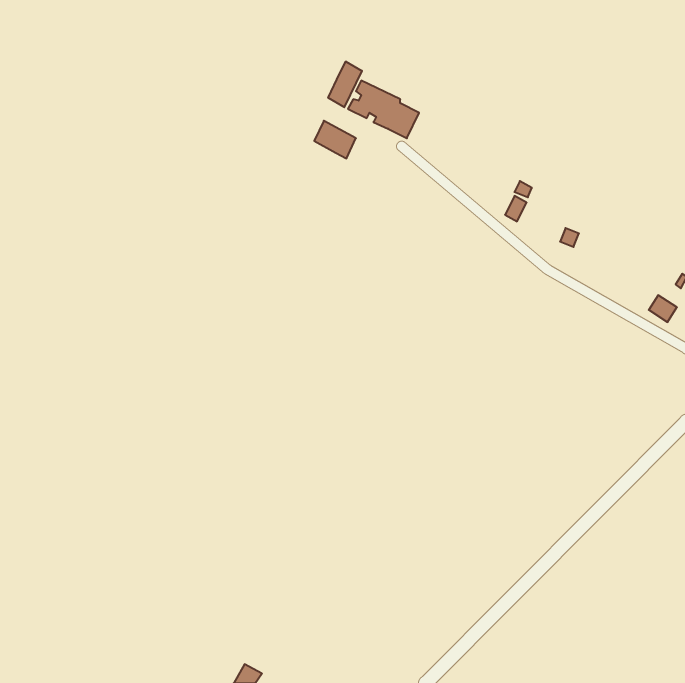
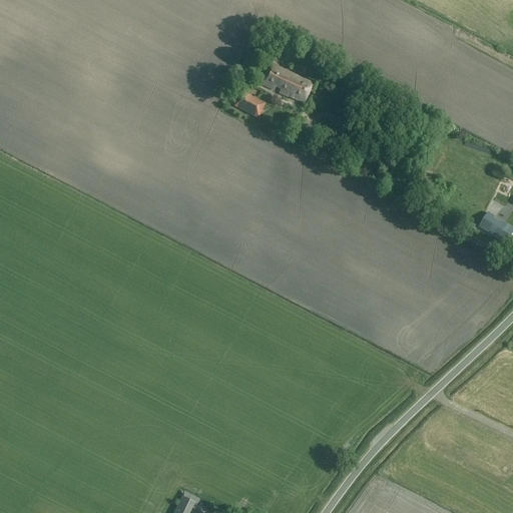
building: [328,61,362,107] -> none

